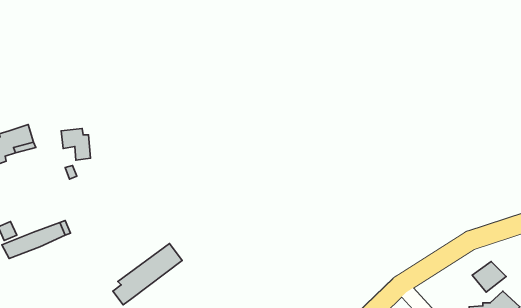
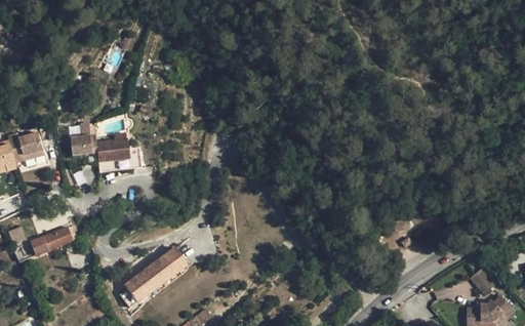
building: none -> [96,138,143,171]

